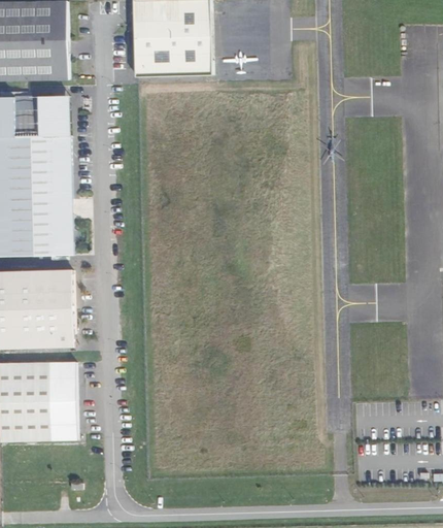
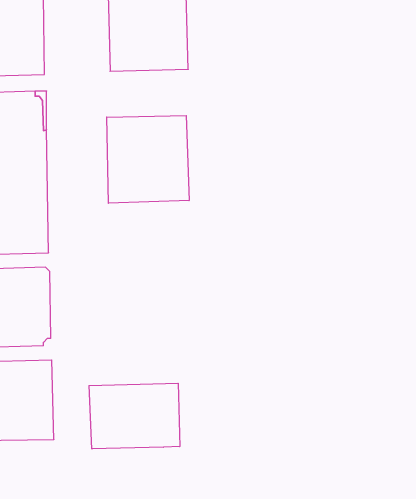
building: none -> [107,116,189,203]
building: none -> [89,383,180,449]

